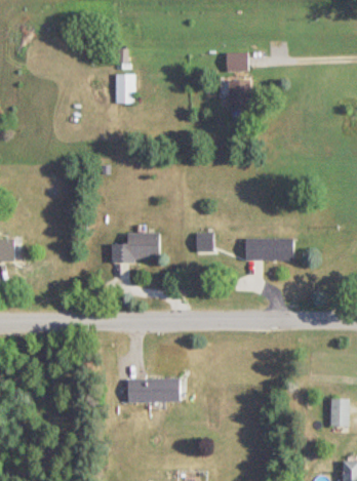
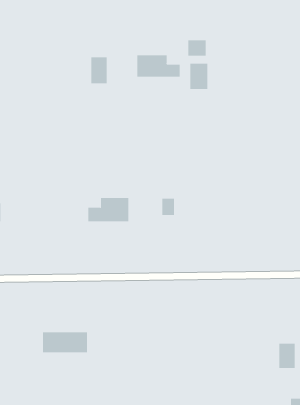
building: none -> [137,54,180,78]
building: [244,238,291,259] -> none
building: [126,377,178,401] -> [42,332,88,353]

